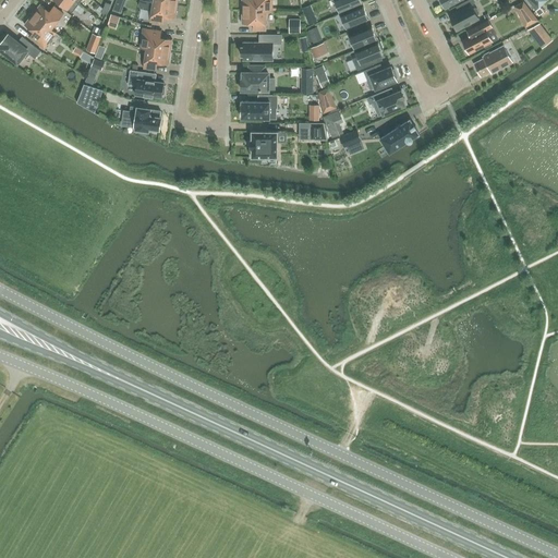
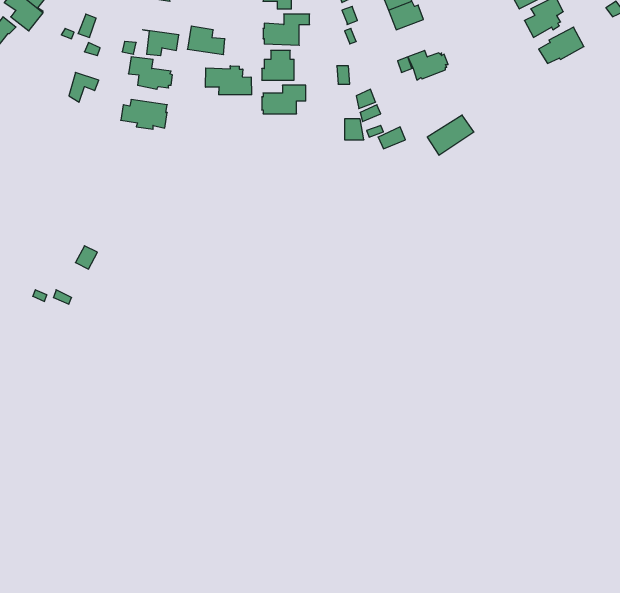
building: [140,28,171,52] -> [187,26,225,55]
building: [352,41,383,71] -> none
building: none -> [206,66,252,95]
building: [366,90,404,114] -> none
building: [250,132,277,158] -> none

